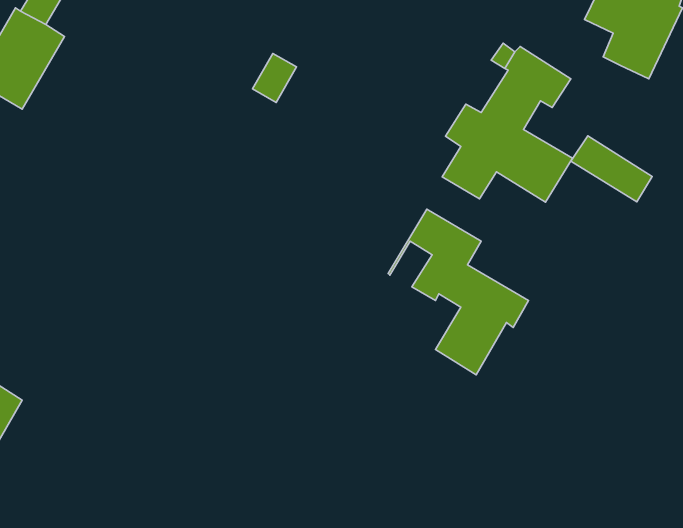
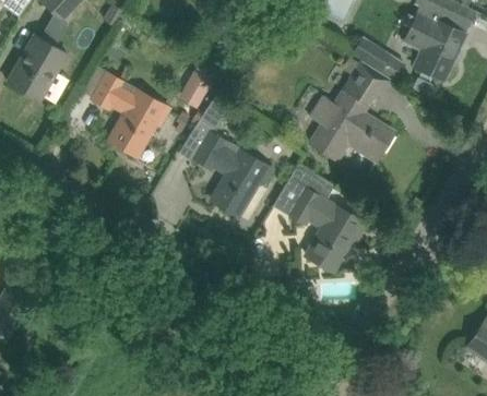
building: none -> [94,73,169,155]
building: none -> [178,96,271,216]
building: [571,136,652,202] -> [352,37,404,80]

